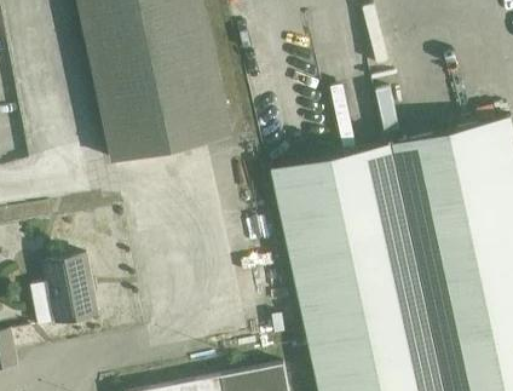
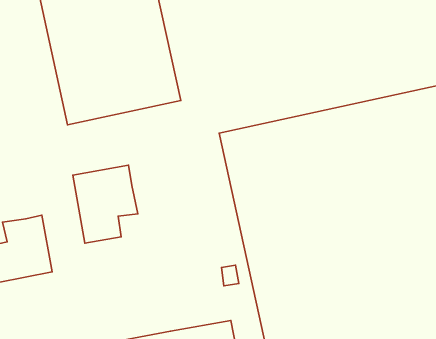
building: none -> [73,165,138,243]

